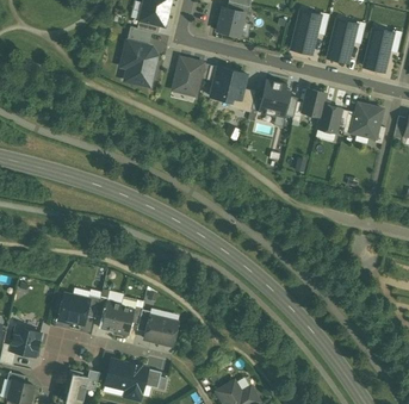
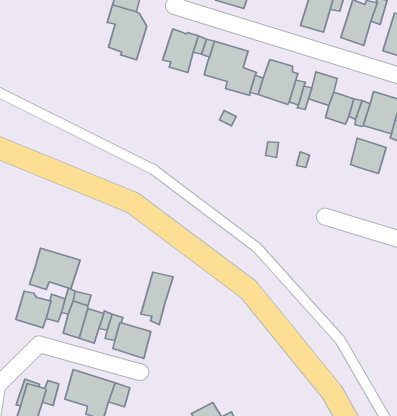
building: none -> [350,138,386,173]
building: none -> [30,248,80,290]
building: none -> [141,272,173,325]

